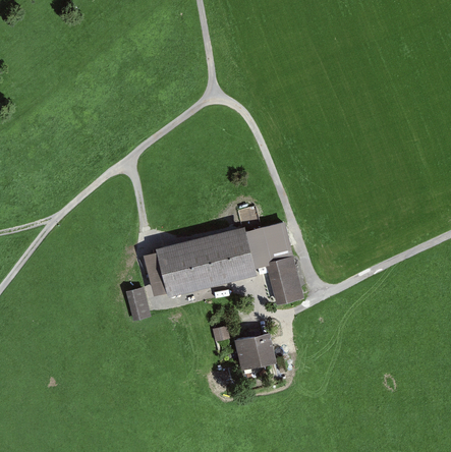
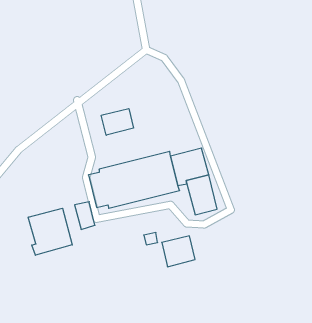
building: none -> [101,109,133,135]
building: none -> [28,208,72,255]

